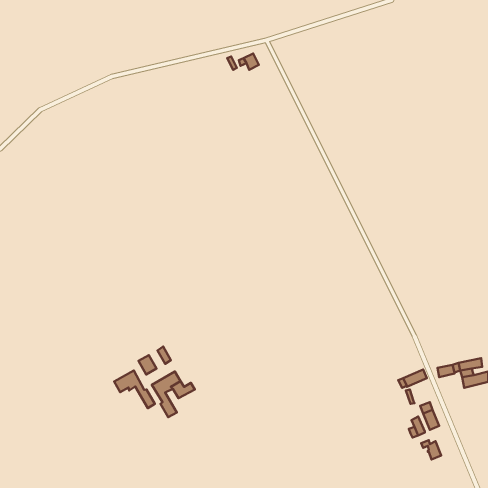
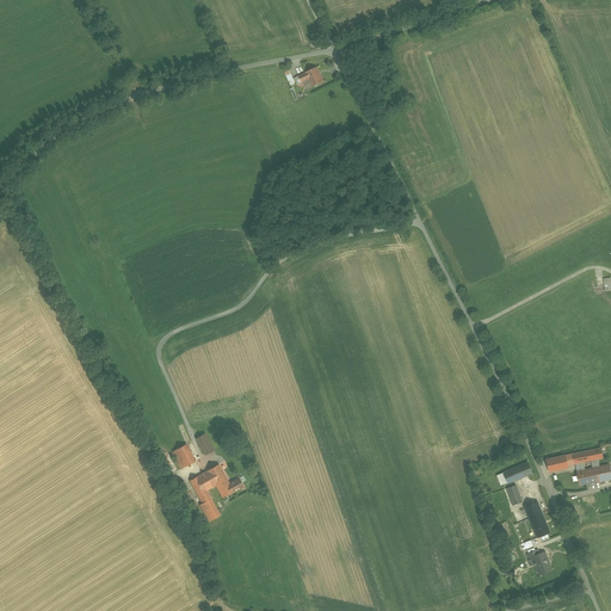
building: [114,371,155,408] -> none

